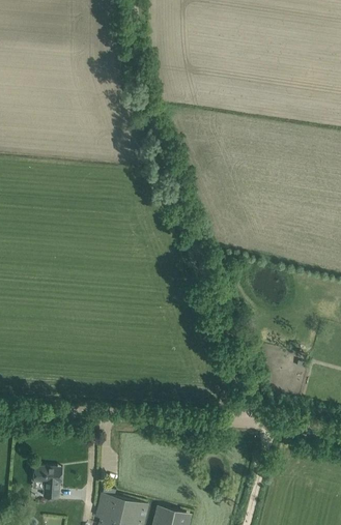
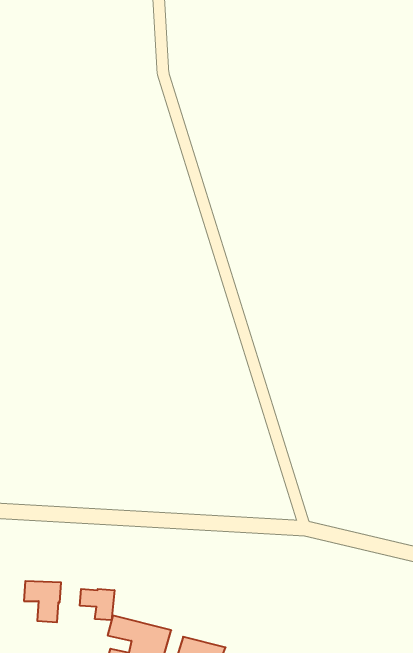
building: none -> [80,589,114,620]

